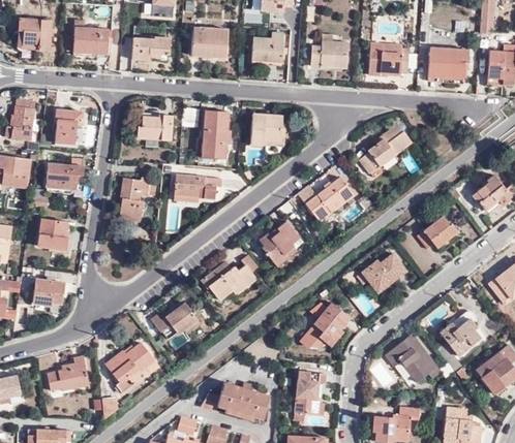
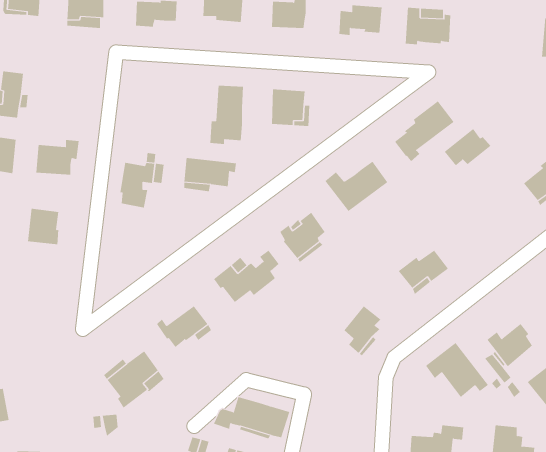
building: [428,48,468,78] -> none
building: [55,109,82,145] -> none
building: [137,115,173,141] -> none
building: [417,216,458,249] -> [444,128,491,166]
building: [32,278,63,307] -> none
building: [48,355,90,390] -> none
building: [294,371,326,418] -> none

